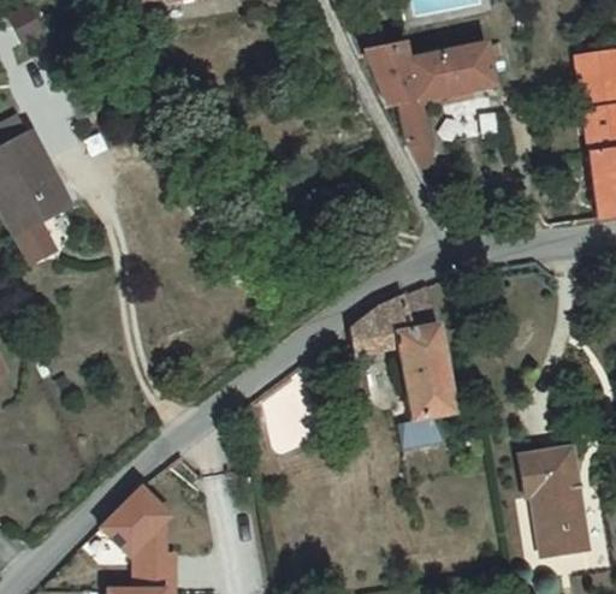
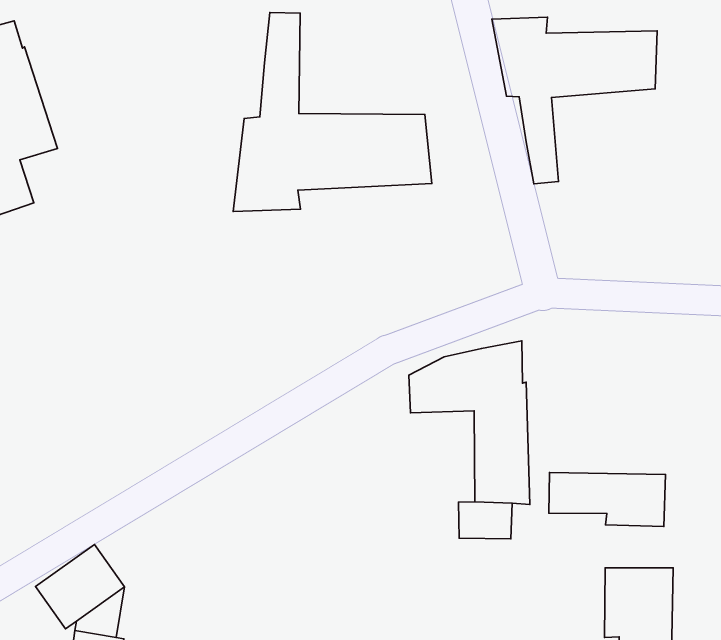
building: none -> [233,12,432,211]
building: none -> [549,473,665,526]

